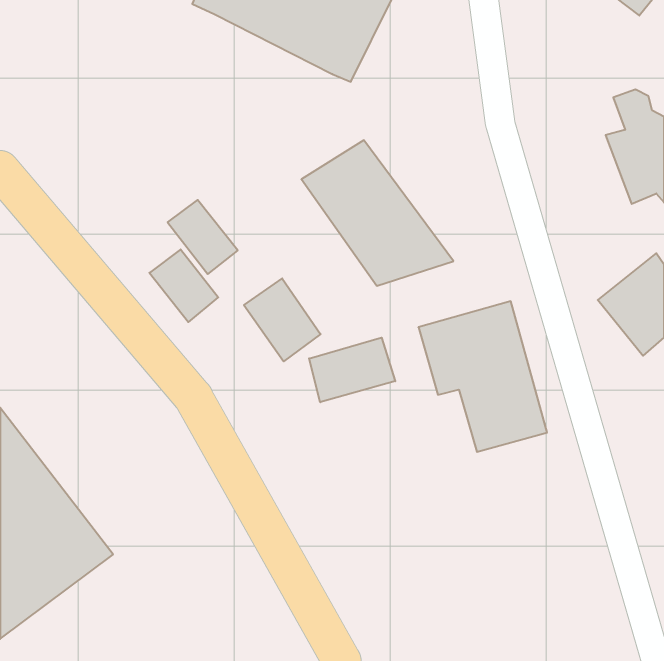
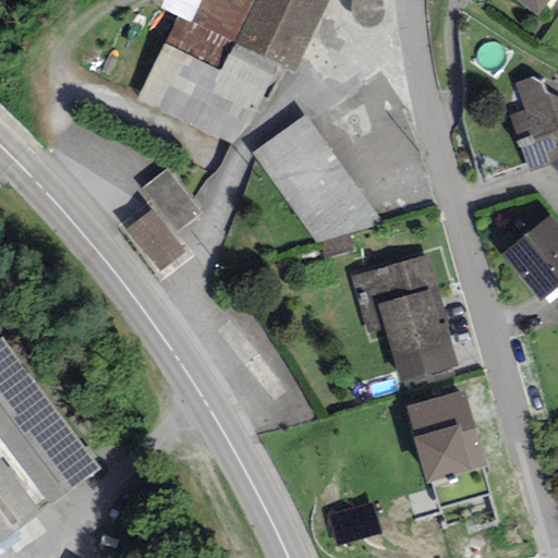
building: none -> [136,12,279,147]
building: [244,278,321,361] -> none
building: [309,338,395,402] -> none
building: none -> [407,388,484,482]

